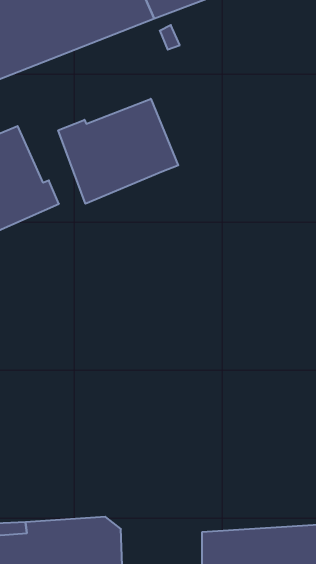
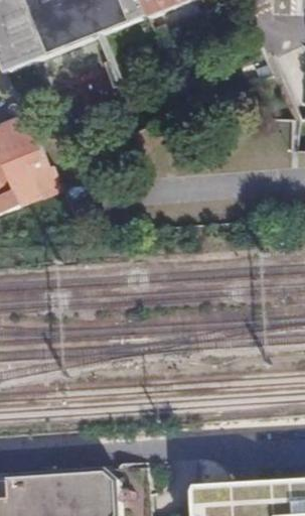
building: [58,99,178,204] -> none

